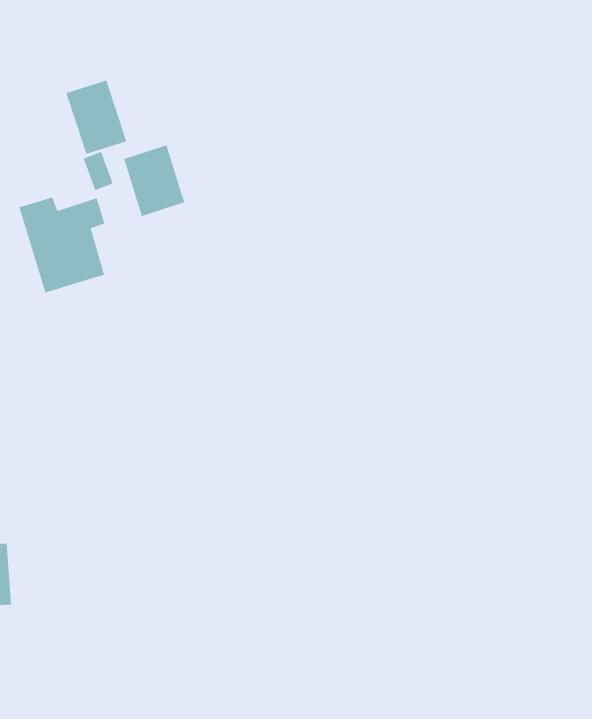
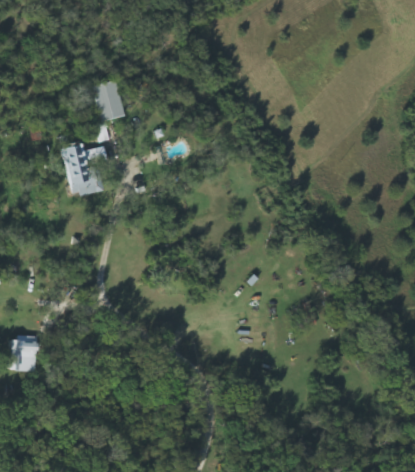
building: [124,145,185,217] -> none

